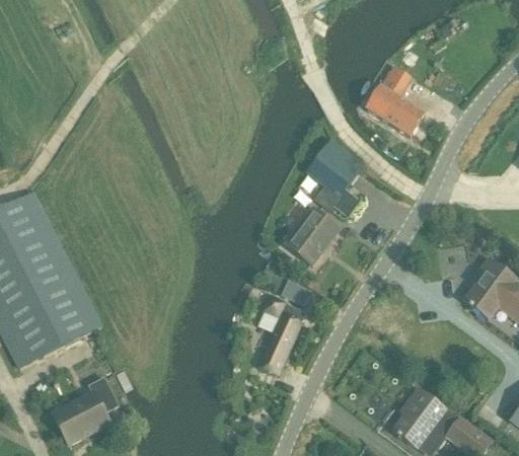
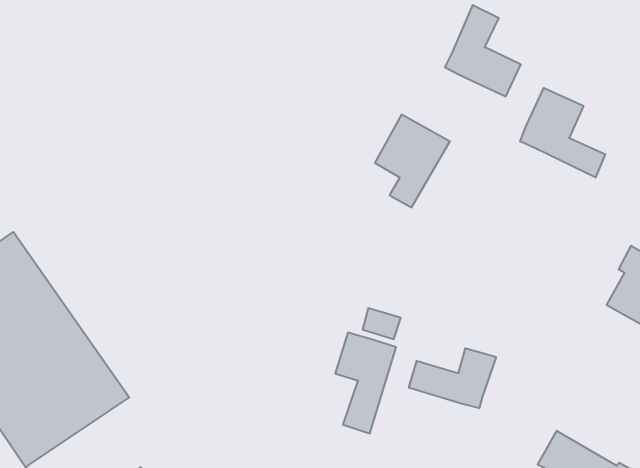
building: none -> [520,88,605,178]
building: [285,207,341,264] -> none
building: none -> [409,348,496,408]

